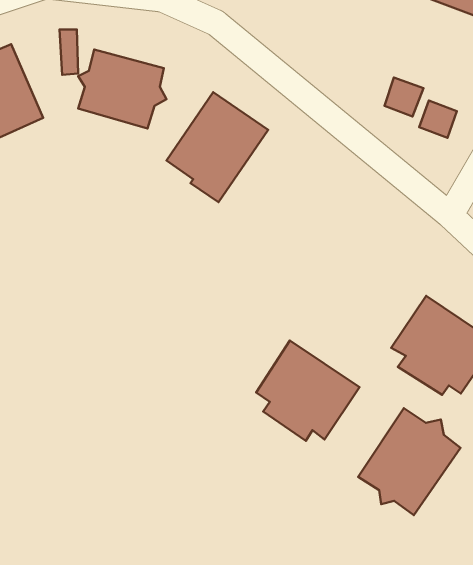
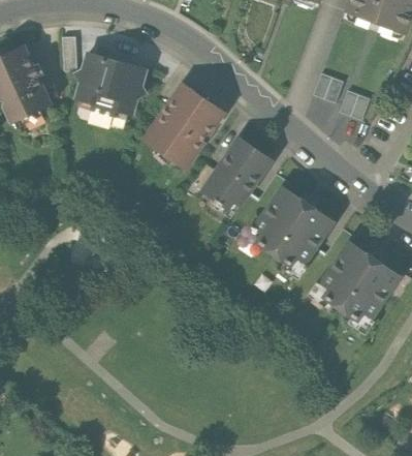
building: none -> [202,135,271,206]
building: [256,340,359,441] -> [253,187,332,265]
building: [358,408,461,515] -> none

